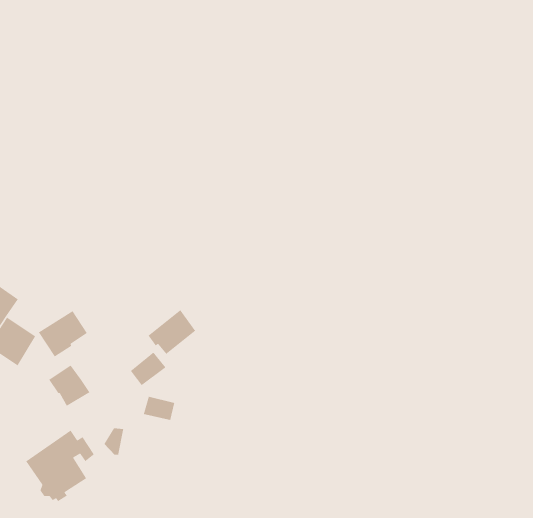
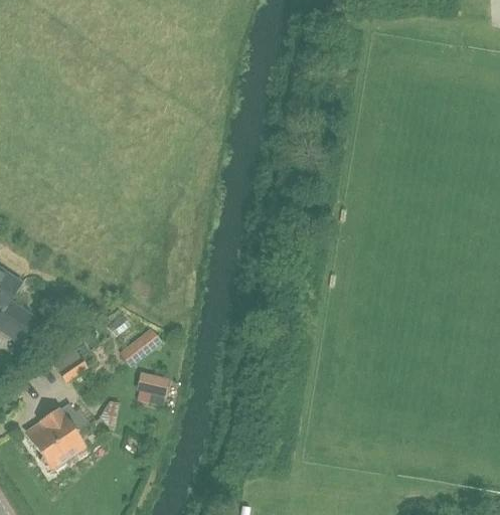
building: [147,309,196,355] -> none
building: [38,310,88,358] -> none

